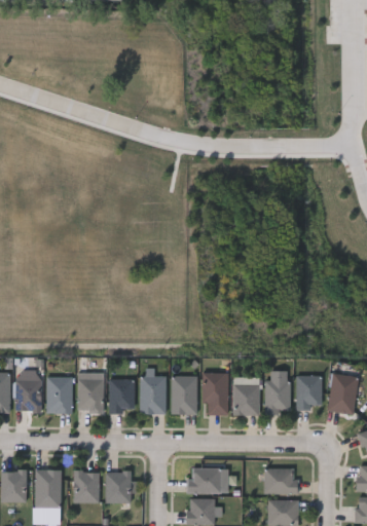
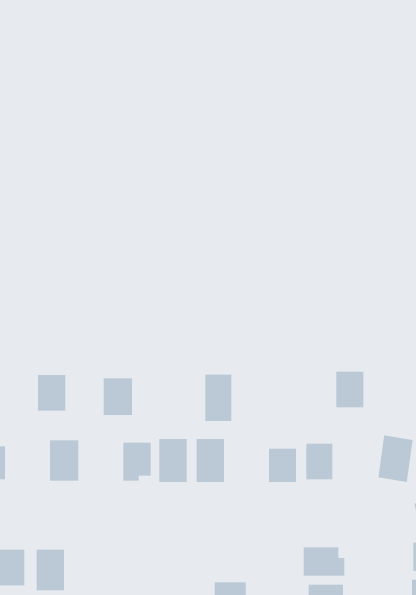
building: [204,373,227,414] -> [205,374,232,422]
building: [296,376,321,408] -> [335,371,364,408]
building: [77,379,103,412] -> [103,377,133,416]
building: [15,380,40,412] -> [37,374,66,412]
building: [189,468,220,493] -> none
building: [74,471,99,502] -> none
building: [105,472,131,502] -> none

